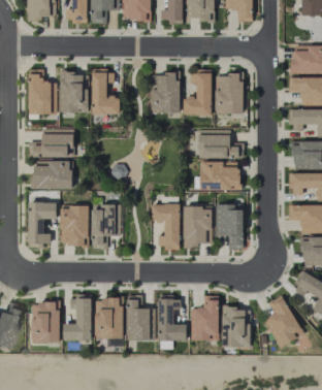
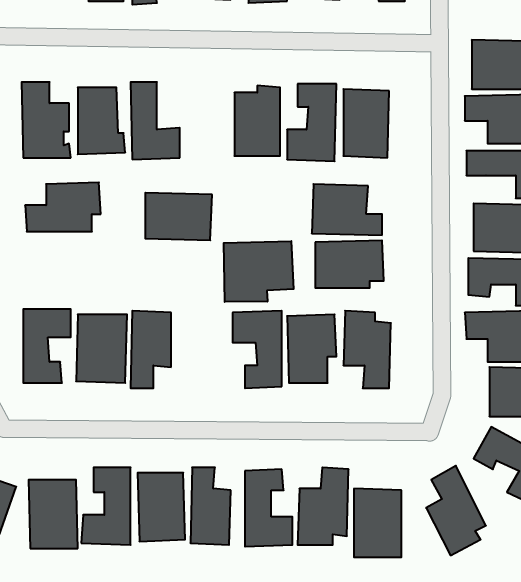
building: [33,161,72,189] -> [145,193,212,240]
building: none -> [224,241,294,302]

